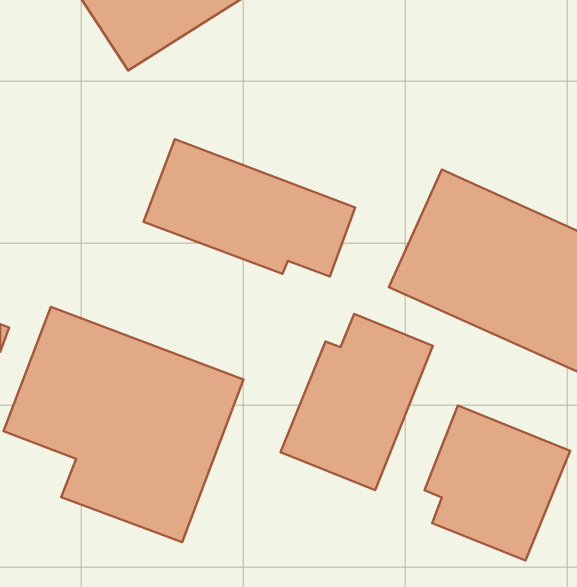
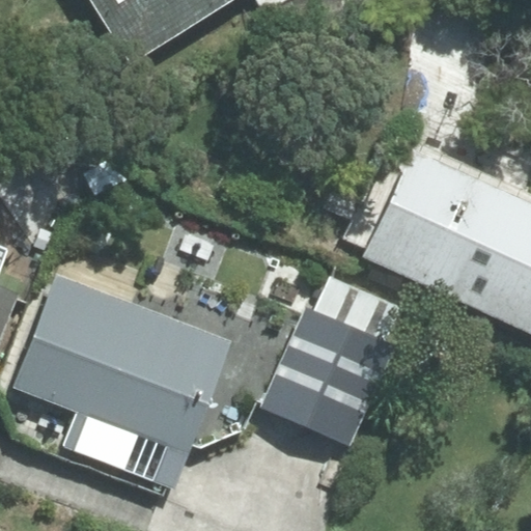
building: [144,139,355,276] -> none
building: [424,406,570,560] -> none

